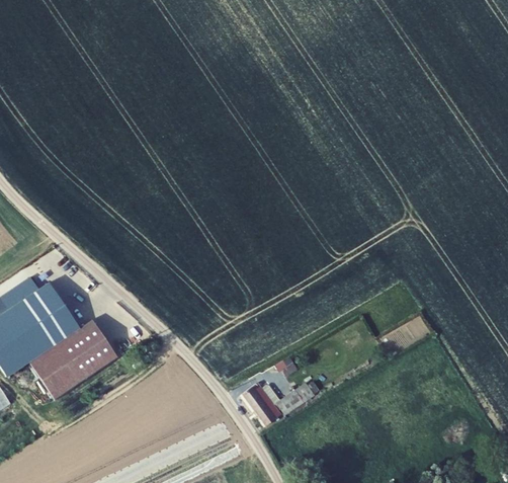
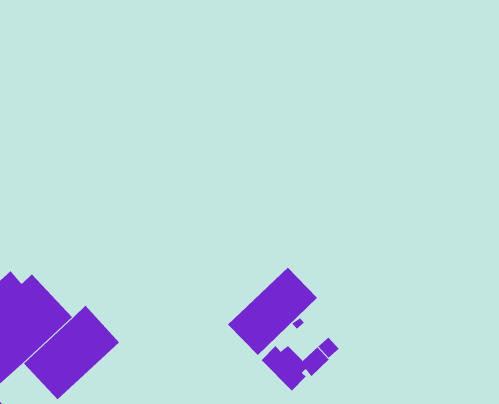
building: none -> [227,267,318,356]

